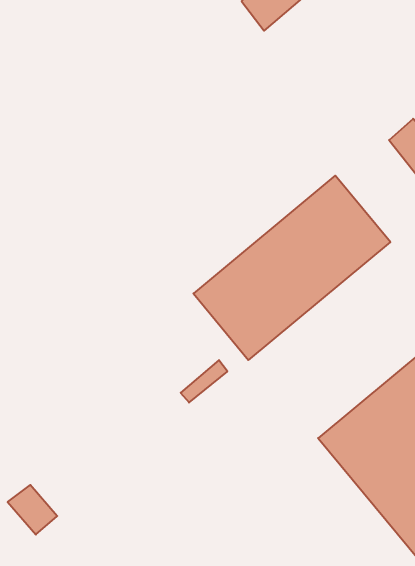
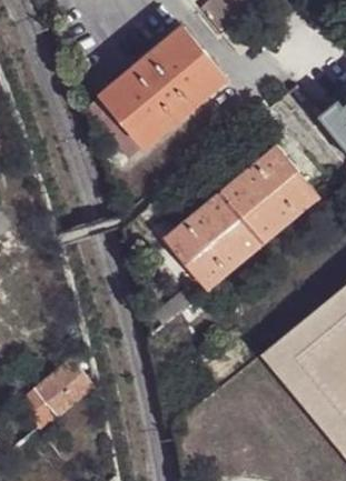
building: none -> [87,29,225,160]
building: none -> [36,360,92,414]

